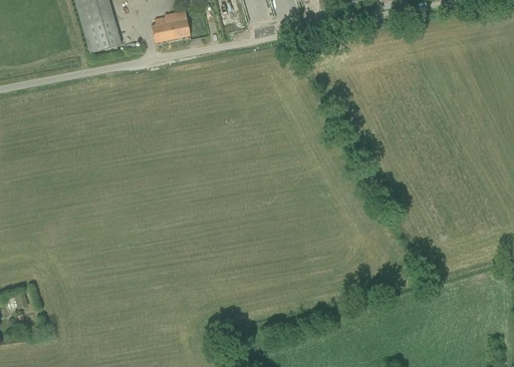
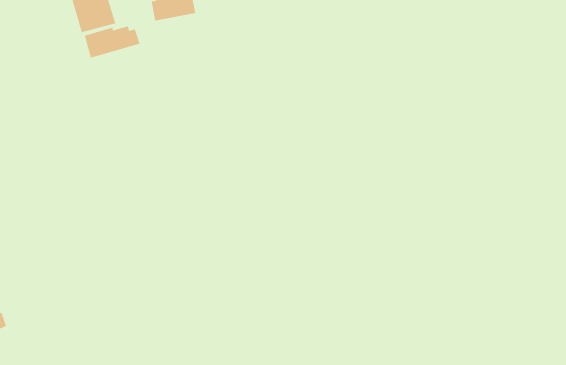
building: none -> [84,25,140,59]

